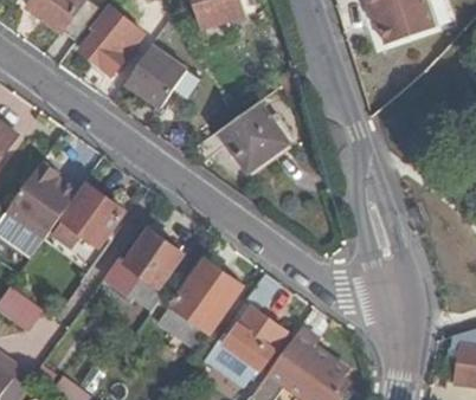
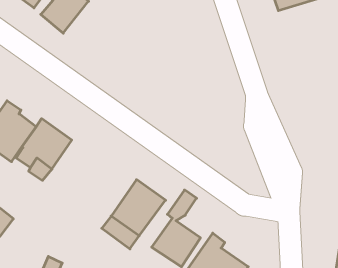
building: [127,45,205,110] -> none
building: [218,102,288,172] -> none
building: [110,226,181,303] -> none

